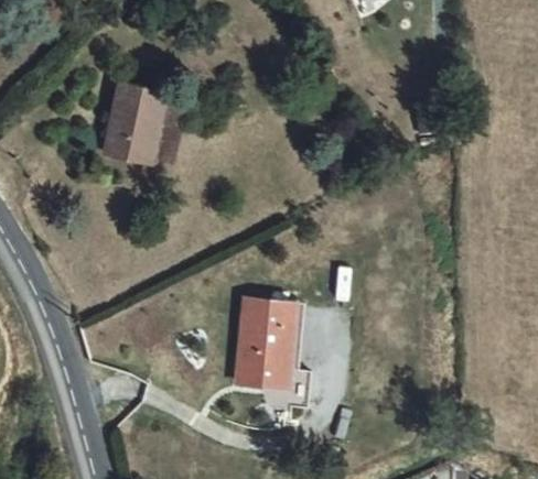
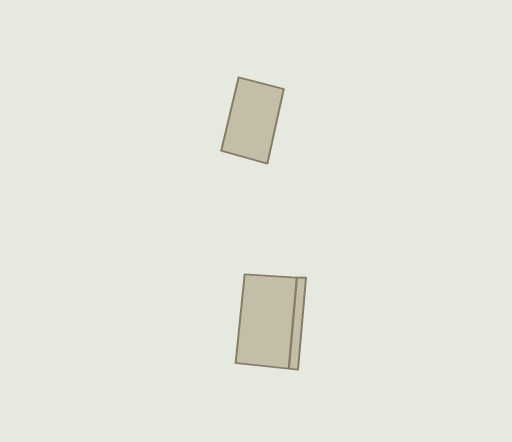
building: [110,89,170,171] -> [221,78,284,163]

